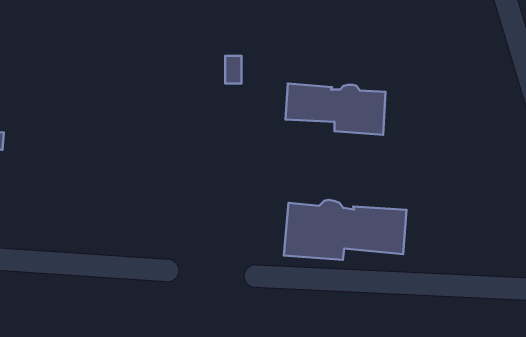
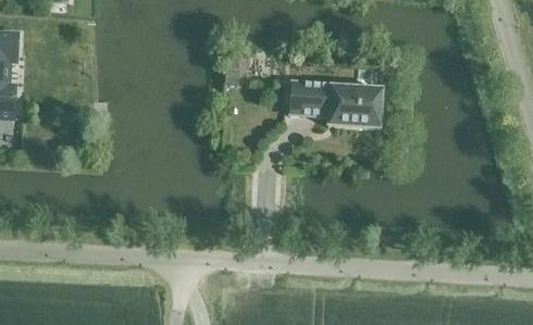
building: [284,200,407,260] -> none

